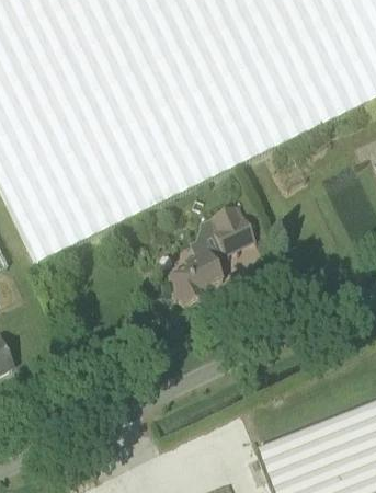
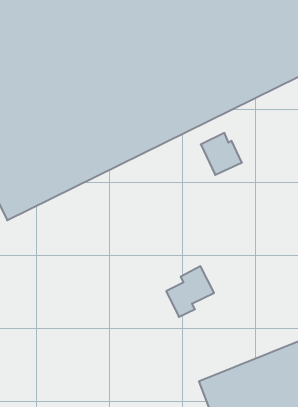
building: [207,205,254,253] -> [201,133,242,175]
building: [168,247,223,305] -> [166,266,214,317]

